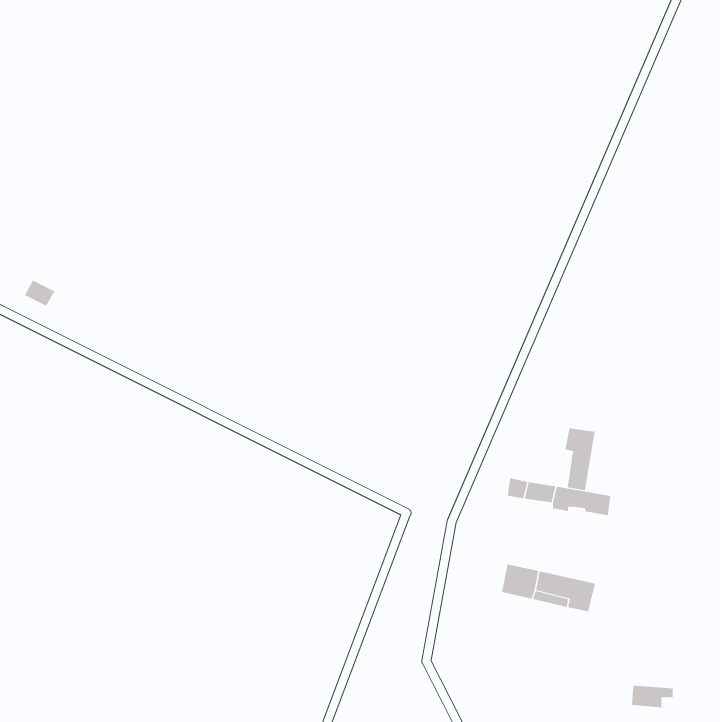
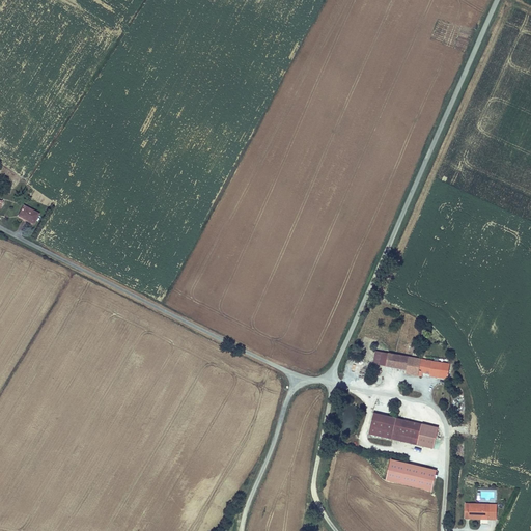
building: [565,427,595,491] -> none
building: none -> [387,458,438,491]

